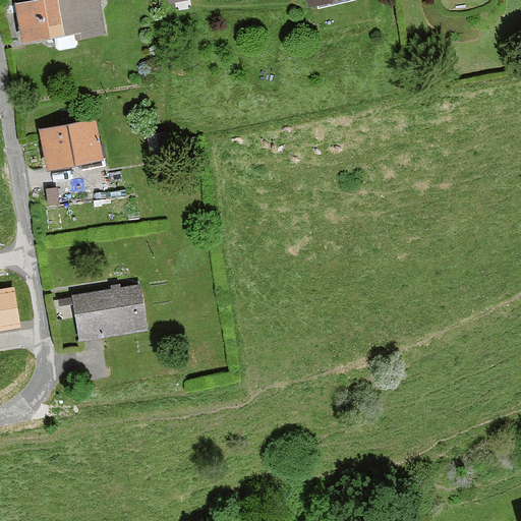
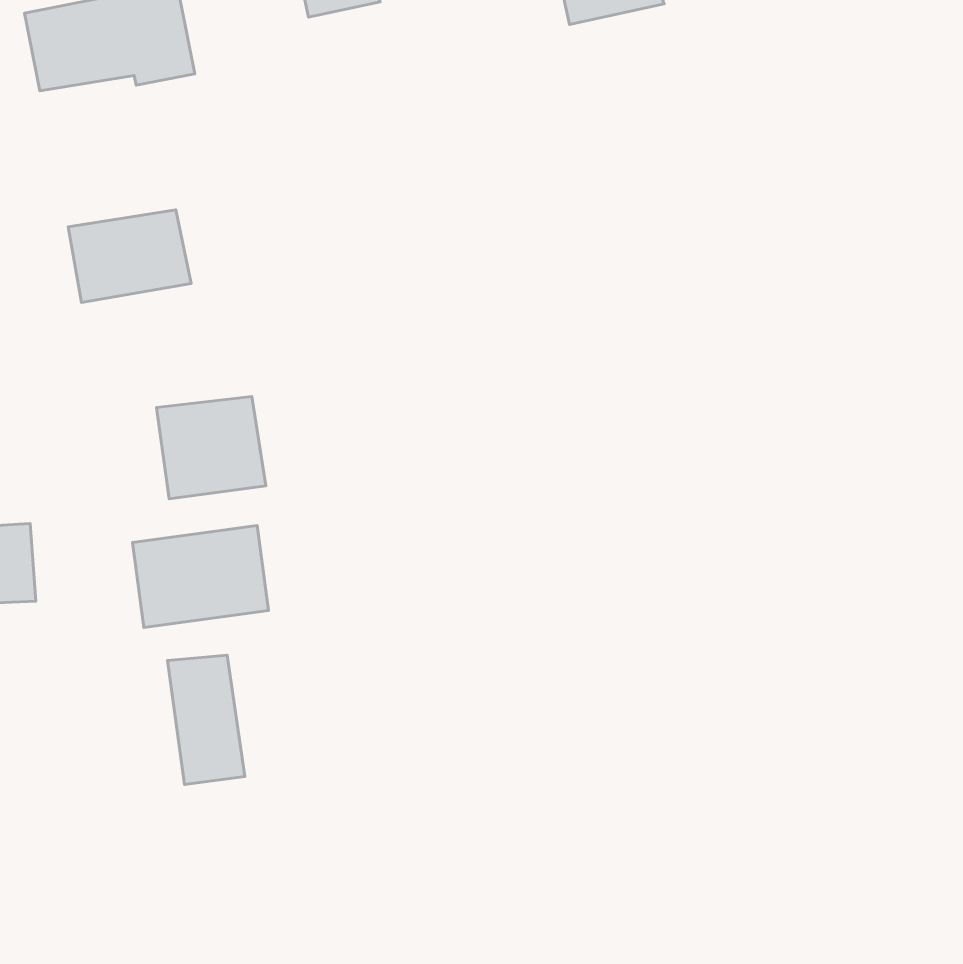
building: none -> [157,396,266,499]
building: none -> [167,655,245,785]

